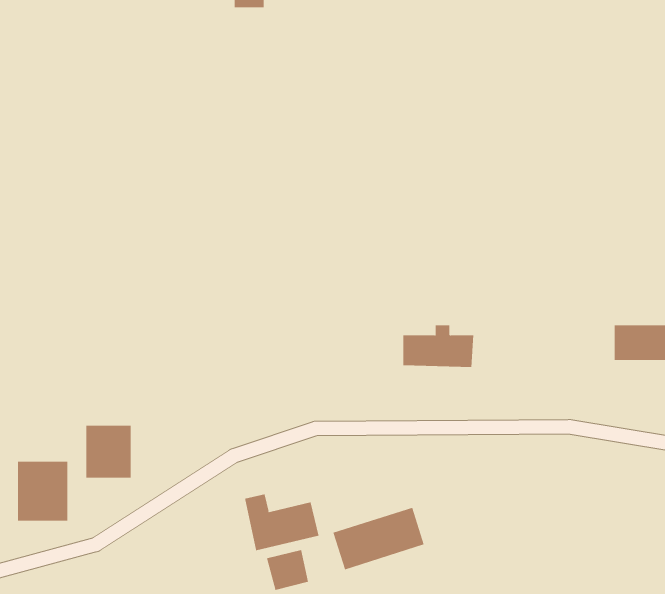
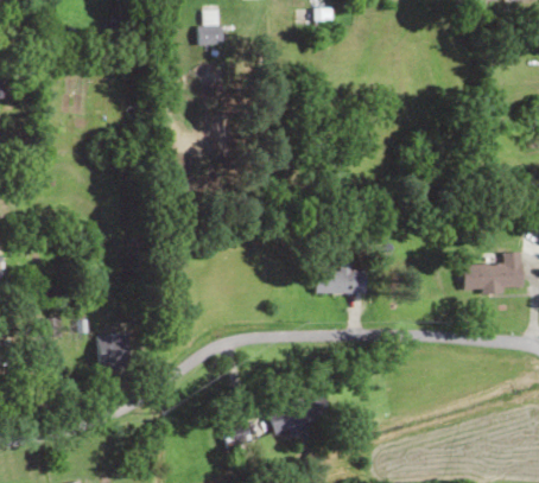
building: [18,461,68,521] -> none
building: [244,494,319,551] -> none

